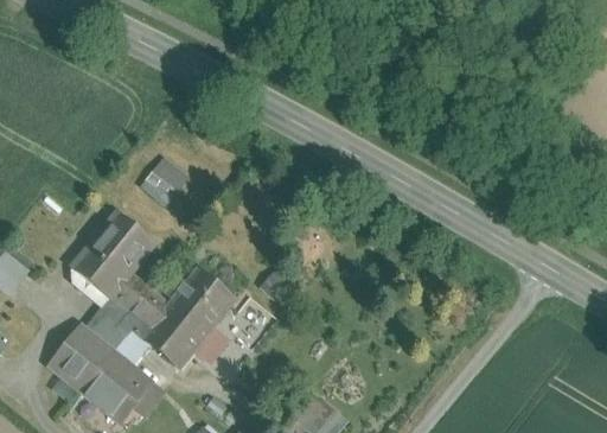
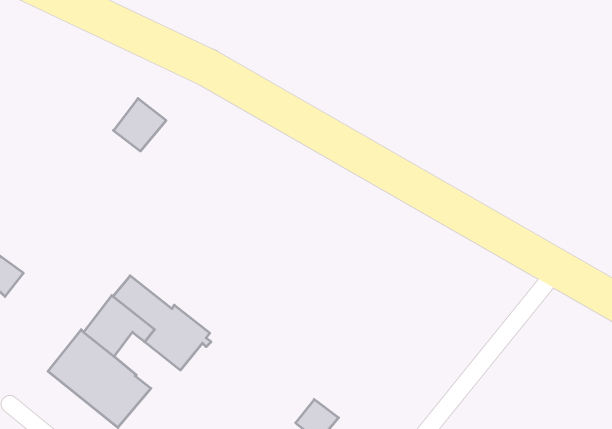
building: [140,157,191,208] -> [113,98,166,151]
building: [78,217,154,297] -> none
building: [174,274,234,332] -> none

